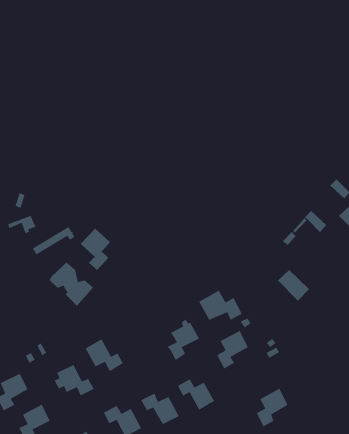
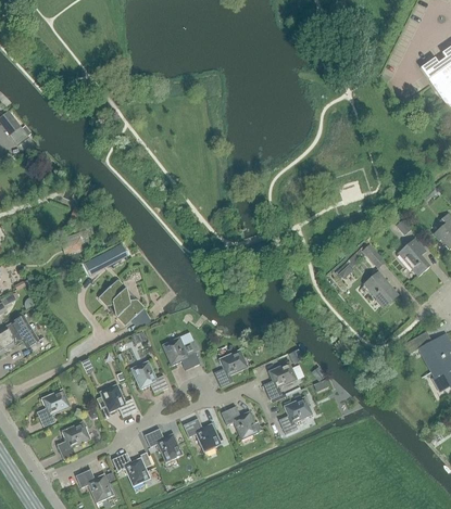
building: [80,228,111,271] -> none
building: [277,269,310,302] -> [364,272,397,306]
building: [198,290,243,321] -> none
building: none -> [161,335,200,370]
building: [256,388,288,427] -> [278,395,312,434]

